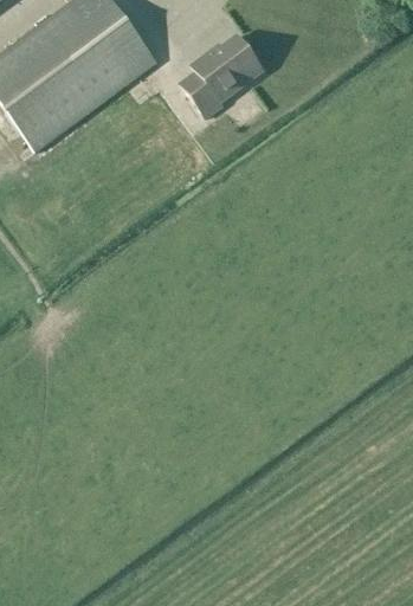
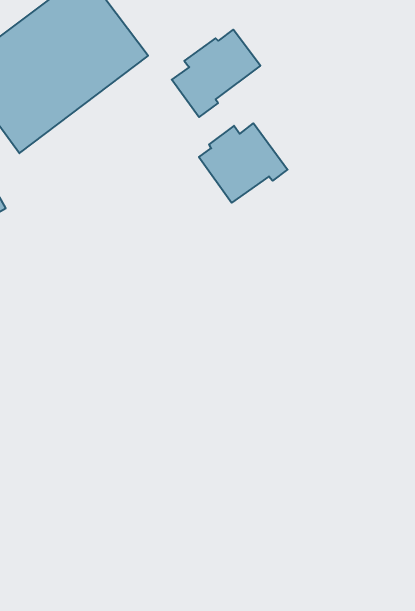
building: none -> [199,123,288,203]

